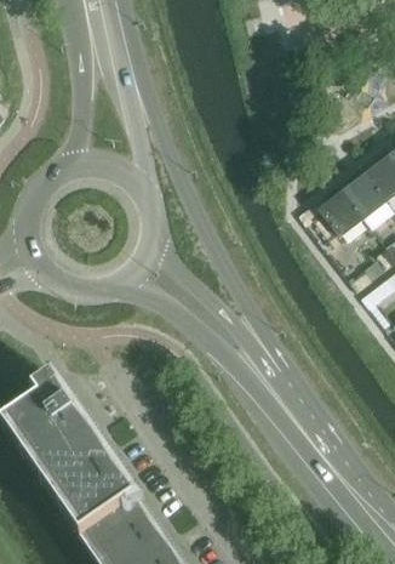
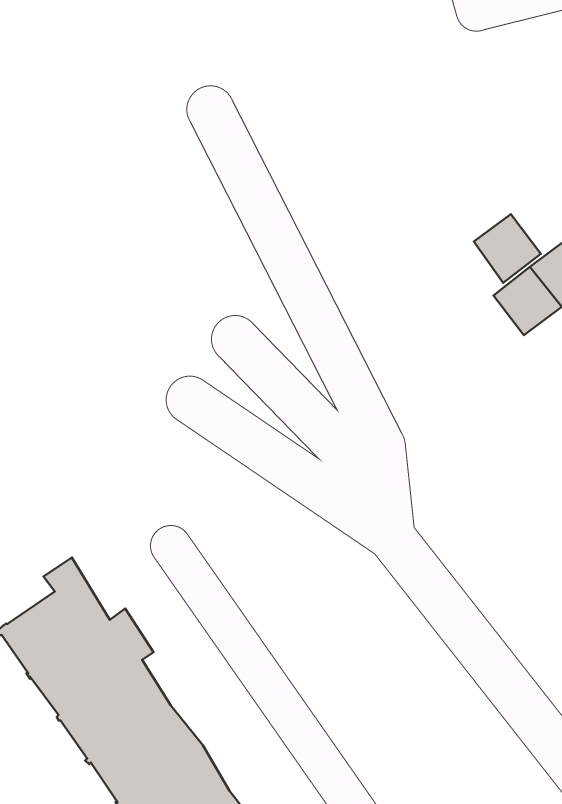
building: none -> [474,214,541,283]

